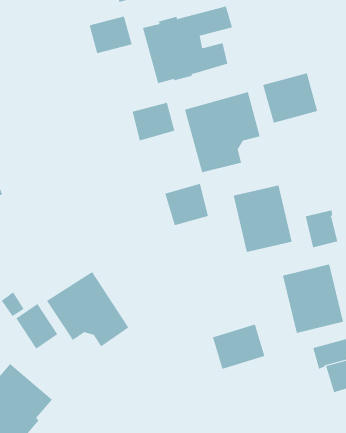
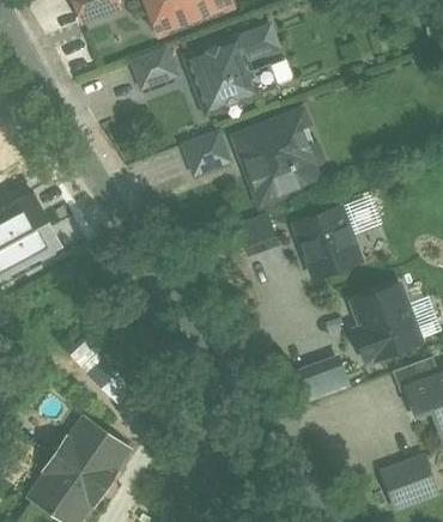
building: [263,72,318,124] -> none
building: [305,210,338,248] -> none
building: [46,271,129,347] -> none

